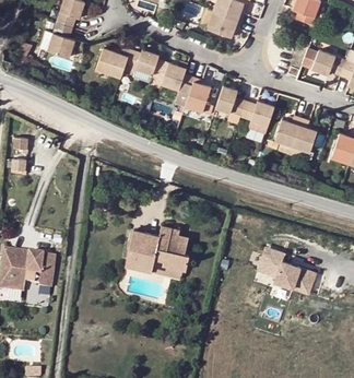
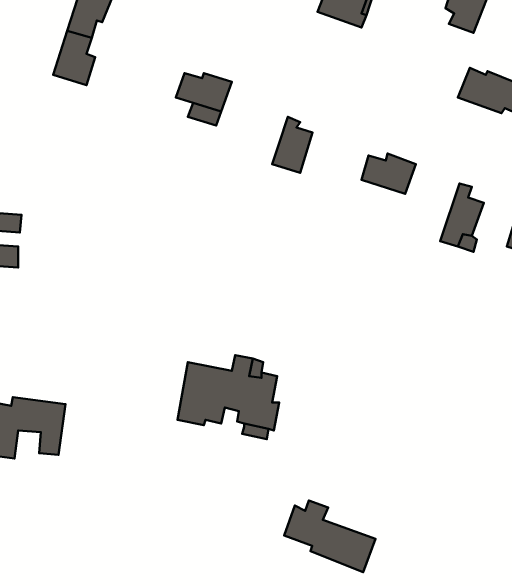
building: [205,12,239,38] -> none
building: [95,47,129,79] -> none
building: [161,63,193,94] -> none
building: [214,86,244,117] -> none
building: [273,116,300,155] -> none
building: [258,249,315,294] -> [284,500,375,572]

